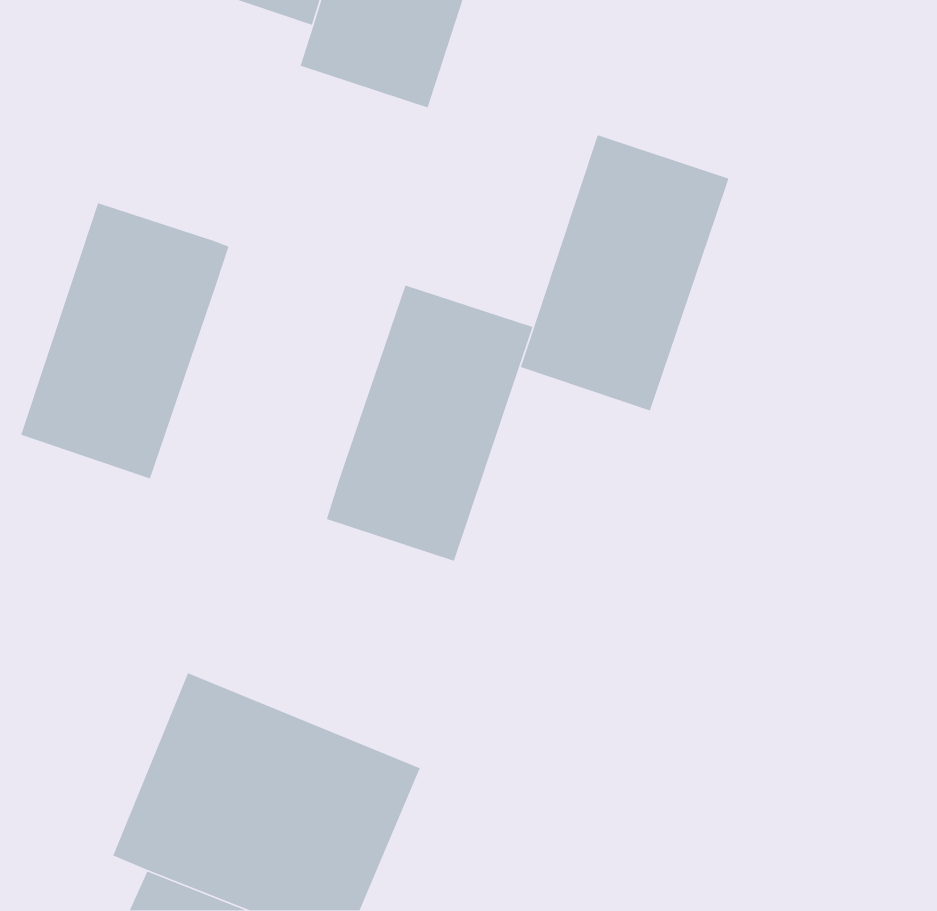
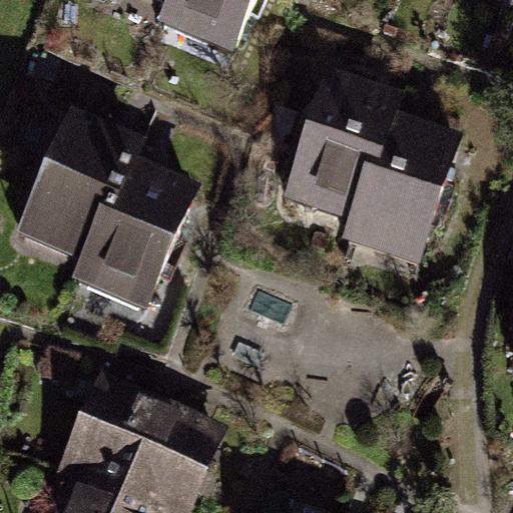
building: none -> [348,118,461,270]
building: [326,284,533,562] -> [75,155,188,307]

